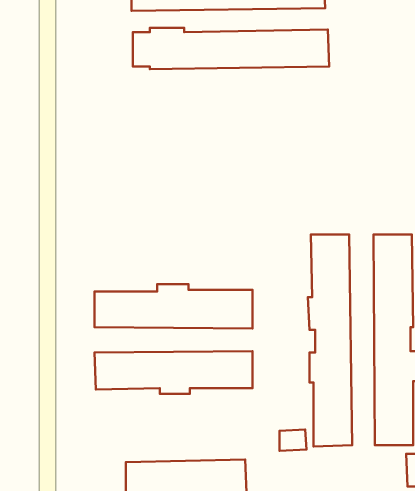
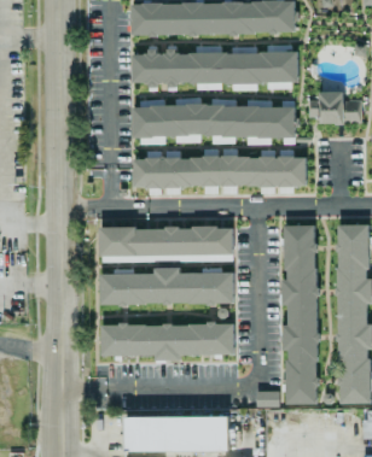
building: none -> [307,98,360,123]
building: none -> [132,105,295,136]
building: none -> [132,156,306,187]
building: none -> [98,225,232,256]

